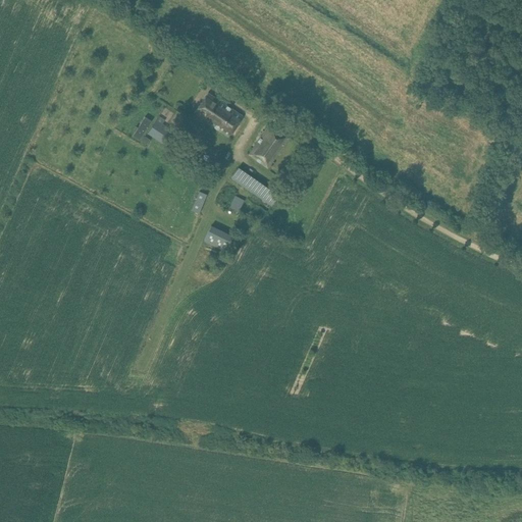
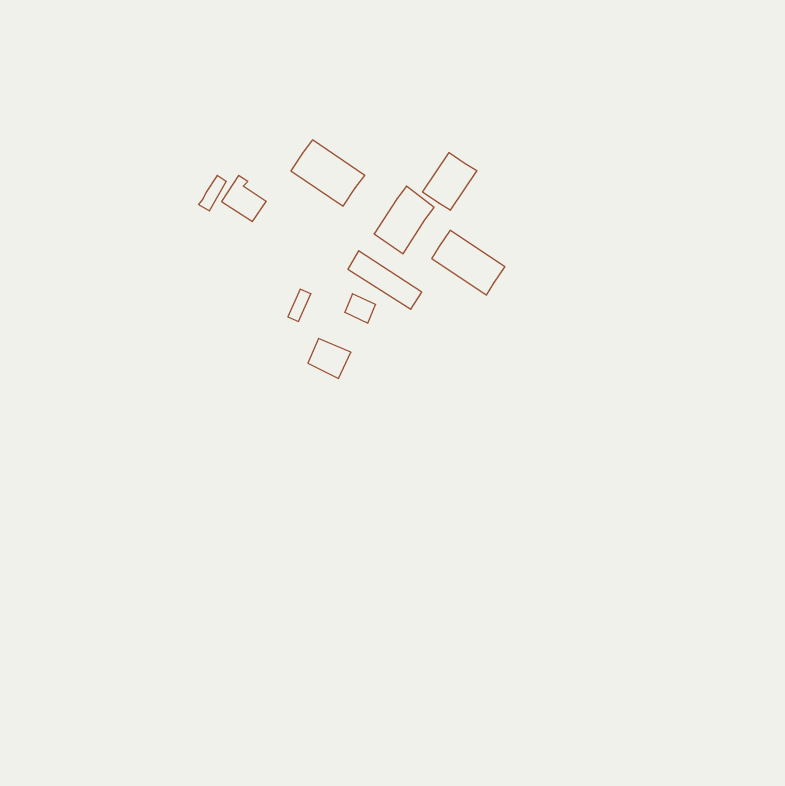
building: none -> [423,153,477,210]
building: none -> [432,230,505,295]

